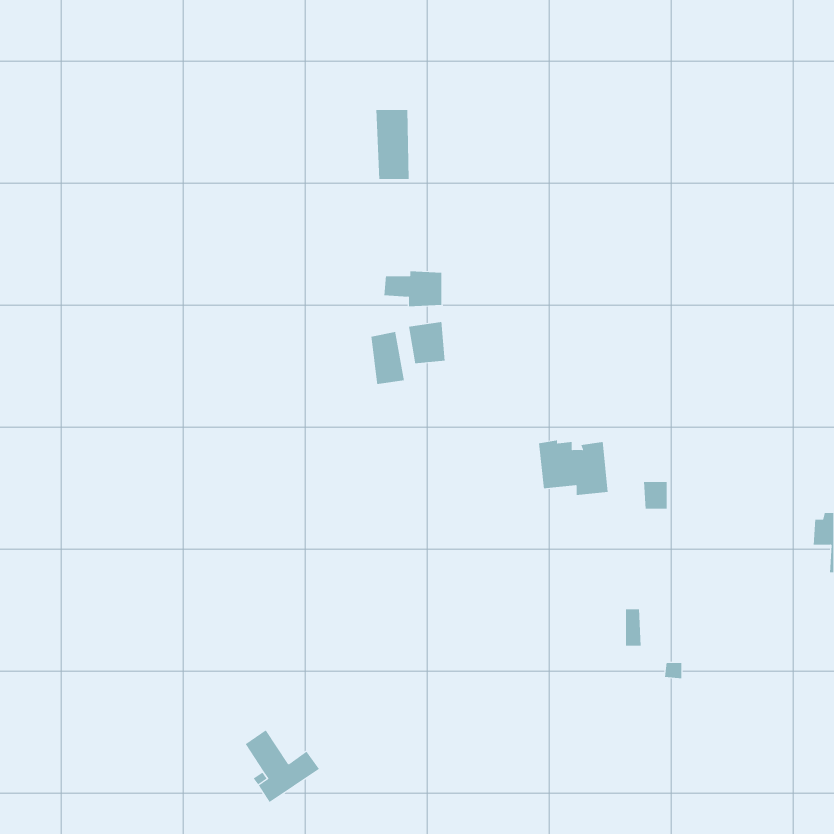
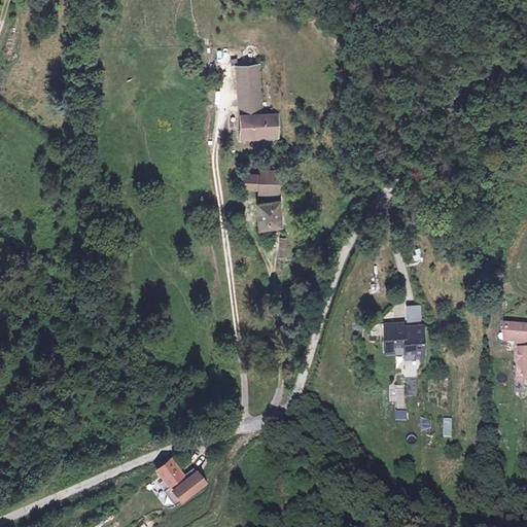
building: none -> [239,113,276,134]
building: [371,331,405,385] -> none
building: [538,440,608,495] -> [385,322,429,357]

